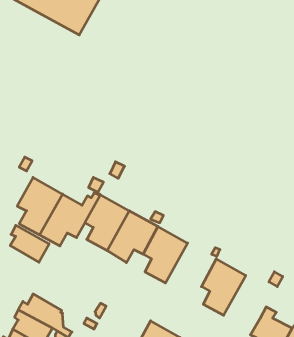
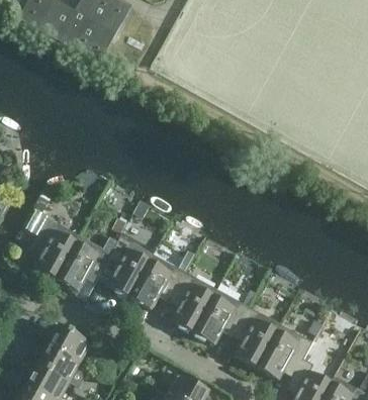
building: [10,225,49,262] -> [49,322,91,363]
building: none -> [193,289,249,344]
building: none -> [257,324,312,380]

